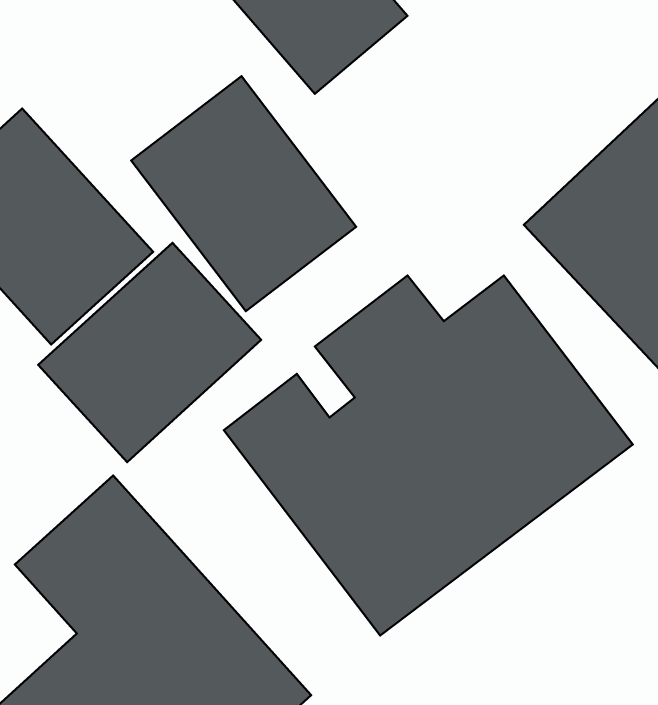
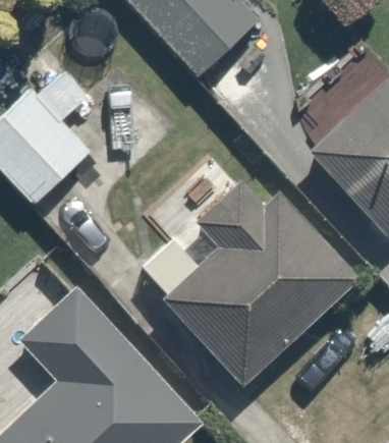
building: [131,76,356,311] -> none
building: [38,243,261,462] -> none

